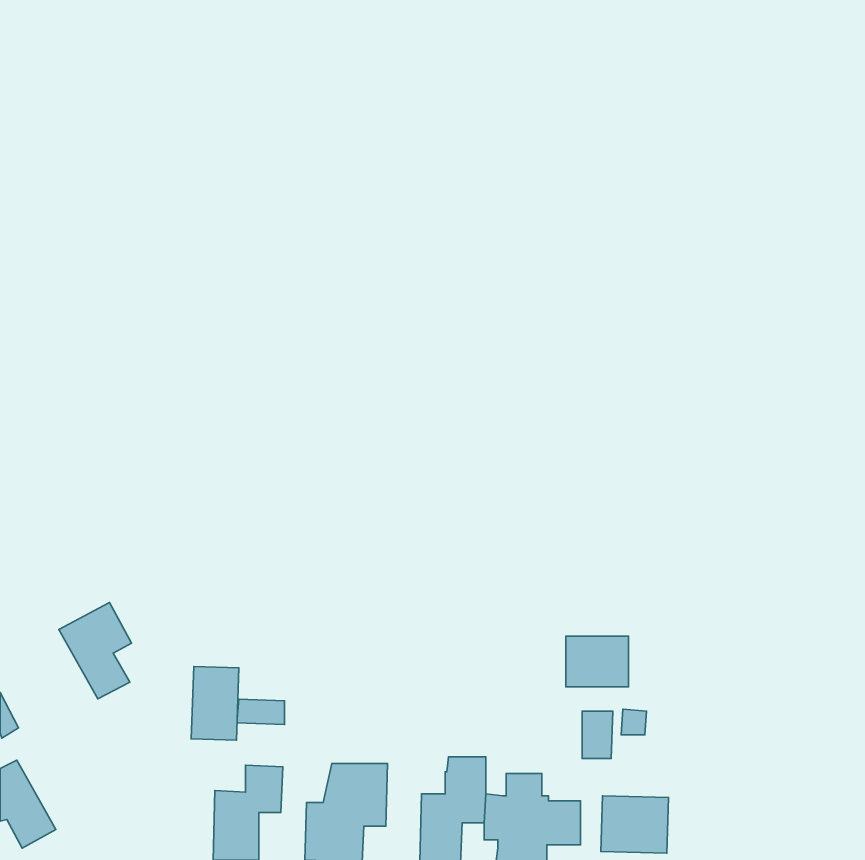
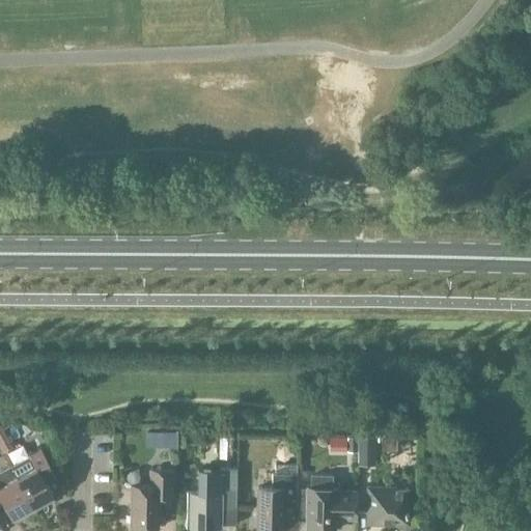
building: [59,602,132,699] -> [10,452,55,511]
building: [566,636,629,687] -> none
building: [191,666,239,740] -> none

